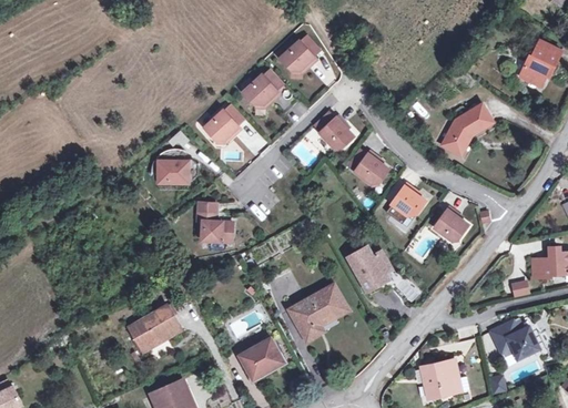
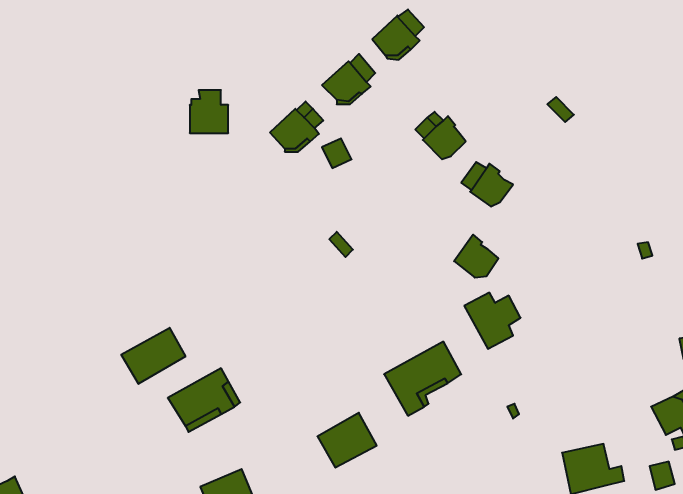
building: [442,104,493,154] -> none
building: [160,146,189,178] -> [190,90,228,133]
building: [390,183,424,215] -> [454,235,498,278]
building: [196,202,232,242] -> none
building: [433,206,467,238] -> none
building: none -> [121,328,185,384]

